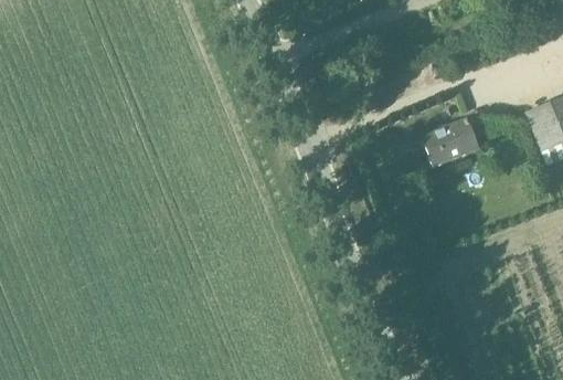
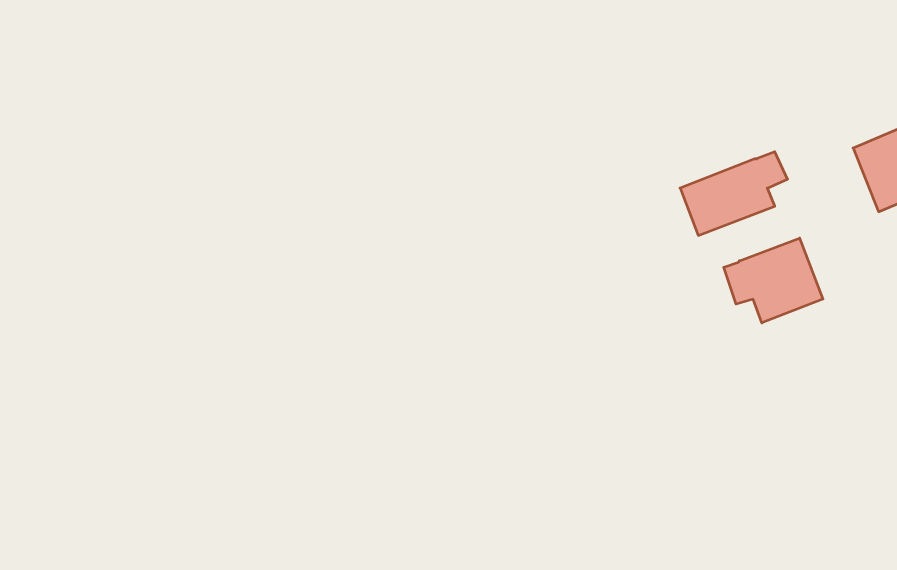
building: none -> [724,238,823,323]

